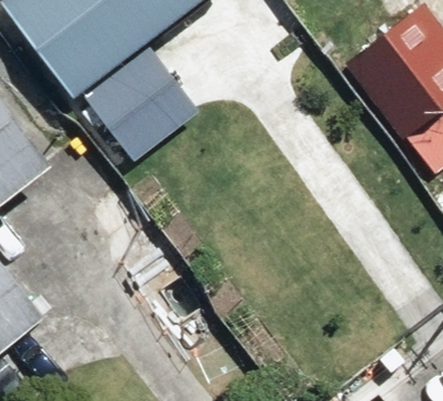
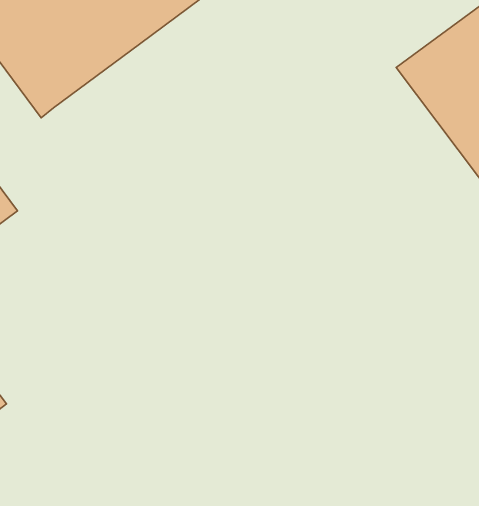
building: [78,39,198,159] -> none

